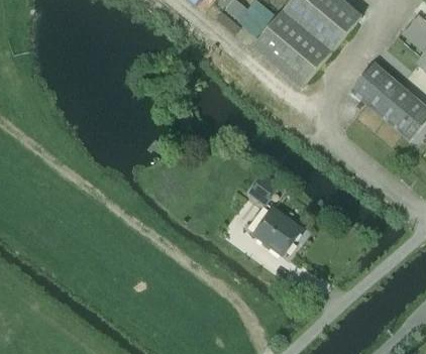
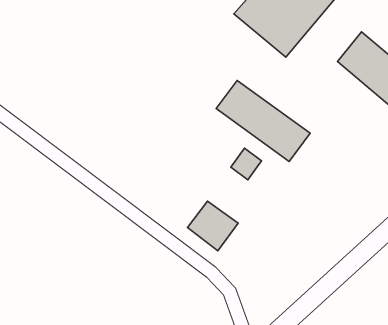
building: none -> [216,80,310,161]
building: [252,207,301,254] -> [187,201,238,251]

